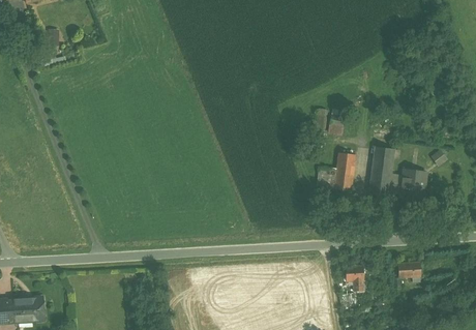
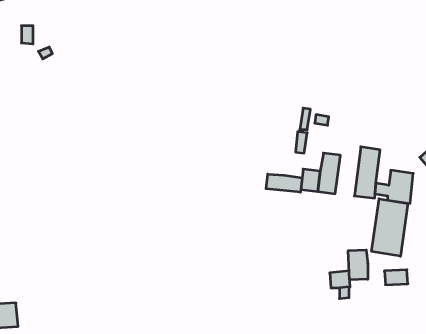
building: none -> [266,174,302,192]
building: none -> [372,199,408,256]
building: none -> [348,250,368,280]

